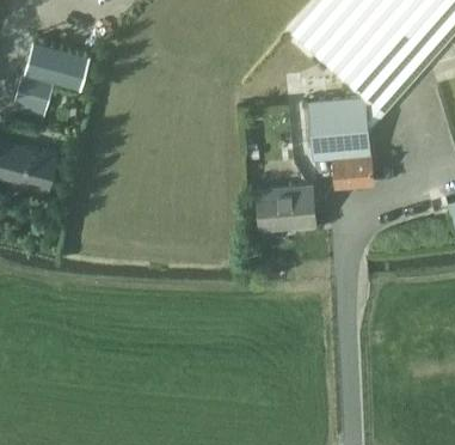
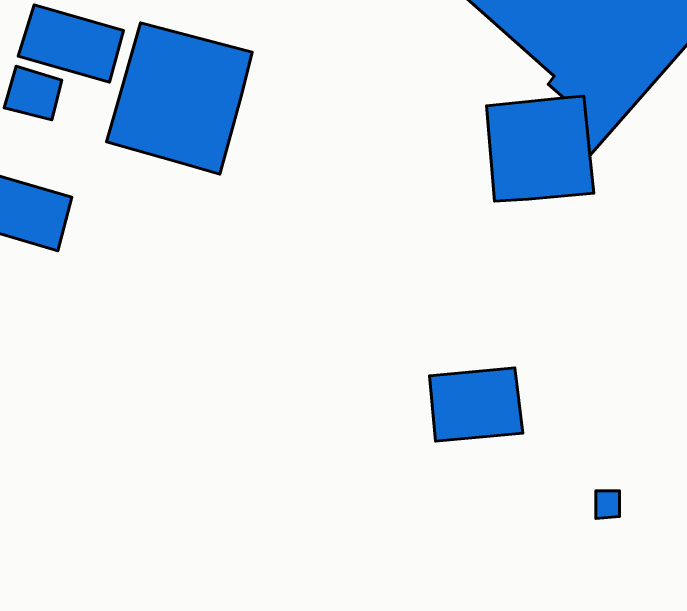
building: none -> [107,23,252,174]
building: [331,153,373,187] -> none
building: [257,185,313,230] -> [429,368,523,441]

